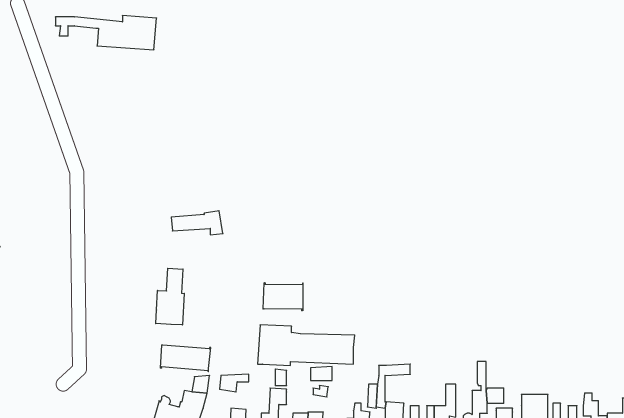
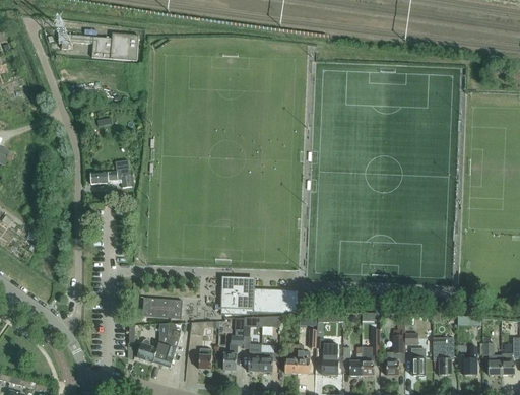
building: [171,211,223,235] -> [89,168,131,187]
building: [156,268,184,325] -> none
building: [263,283,303,311] -> none

